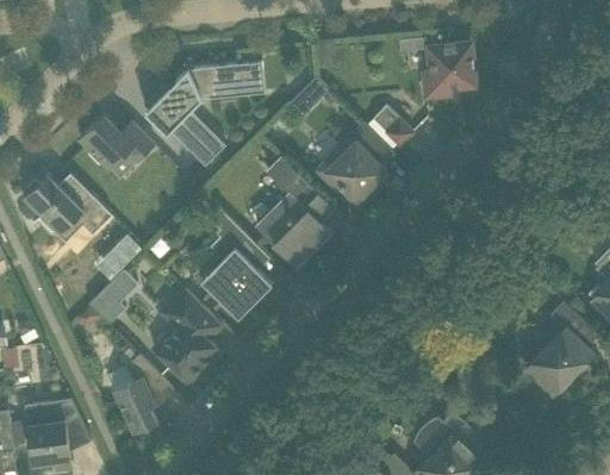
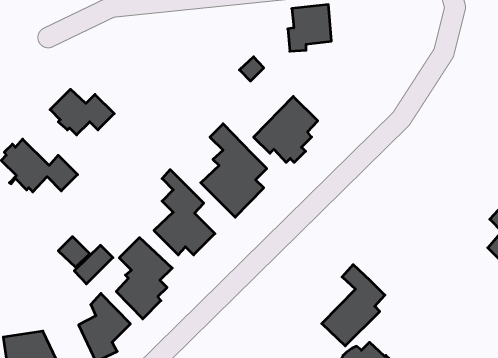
building: [424,43,475,98] -> [288,5,331,51]
building: [144,62,263,165] -> none
building: [373,106,413,146] -> none
building: [97,236,142,281] -> [74,245,113,284]
building: [525,300,599,395] -> [322,265,385,346]

